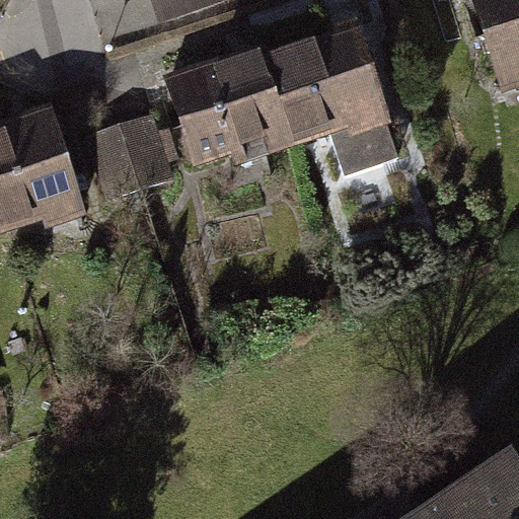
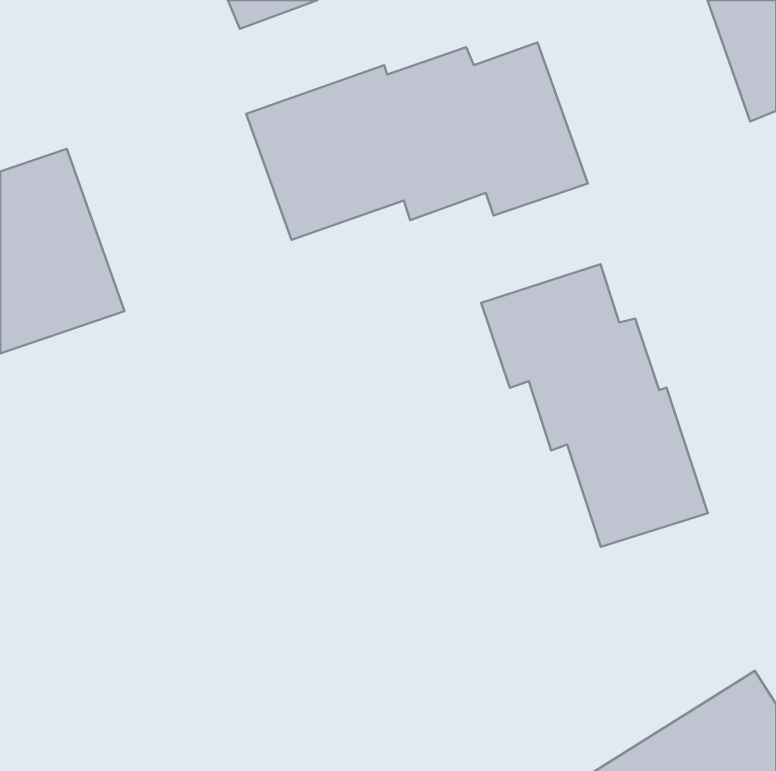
building: [113,130,176,204] -> none
building: none -> [481,264,708,547]

